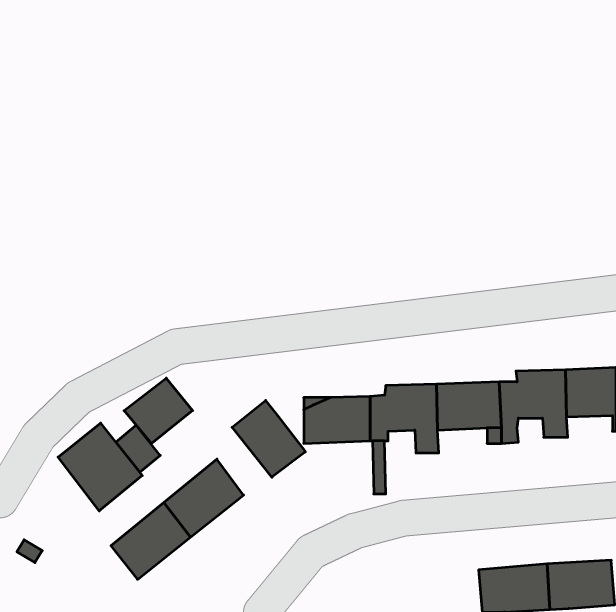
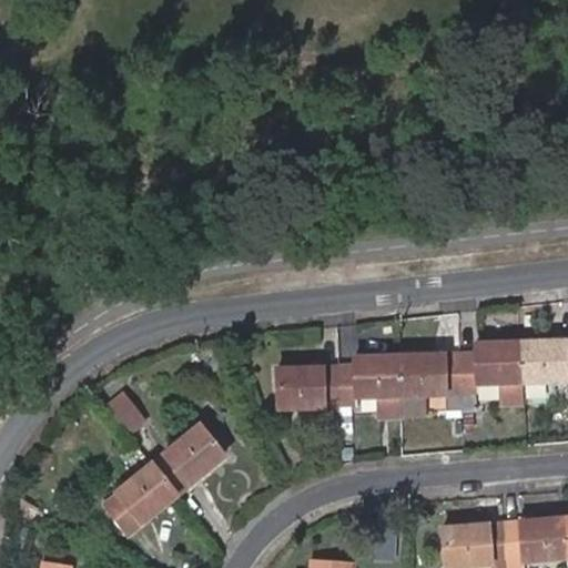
building: [124,378,193,444] -> none
building: [232,400,305,477] -> none
building: [58,423,142,511] -> none

